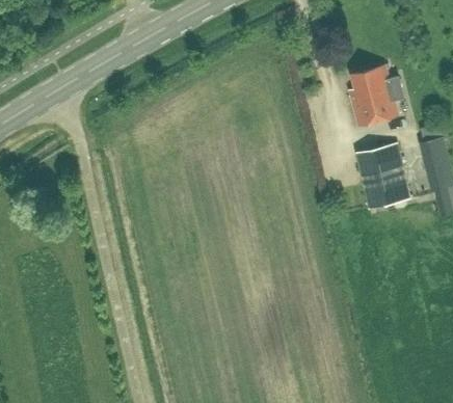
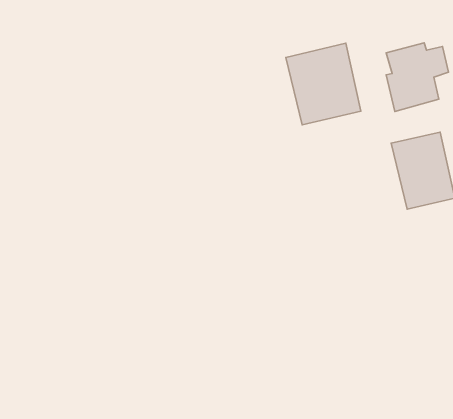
building: none -> [286,43,361,125]

